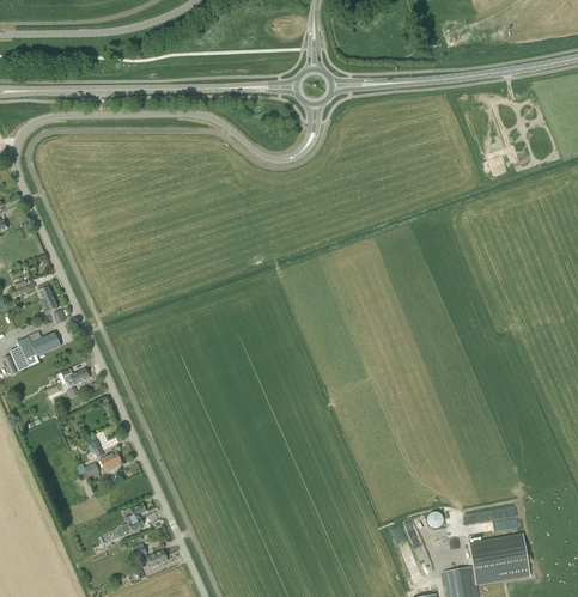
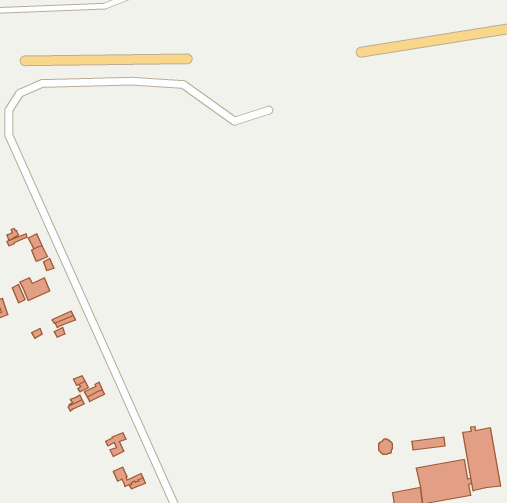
building: none -> [463,426,500,491]

